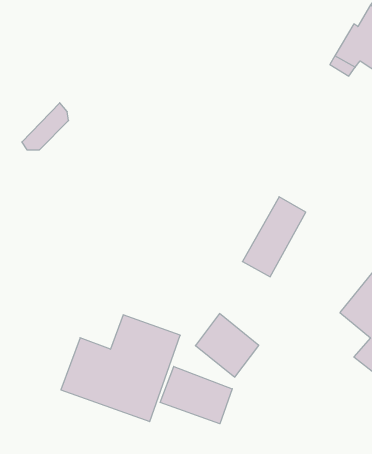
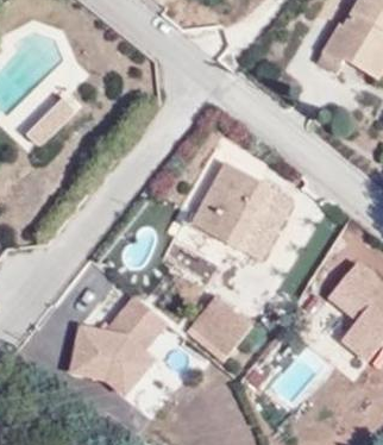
building: none -> [193,163,270,247]
building: [160,366,232,424] -> none

